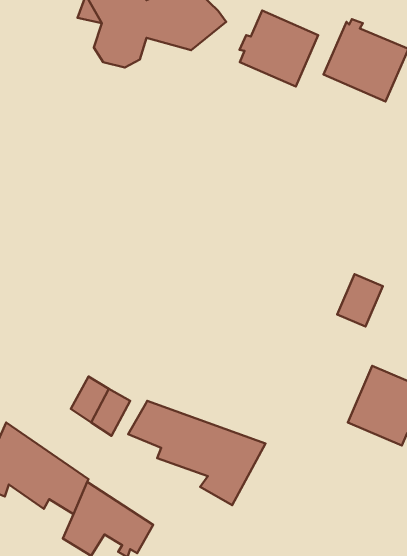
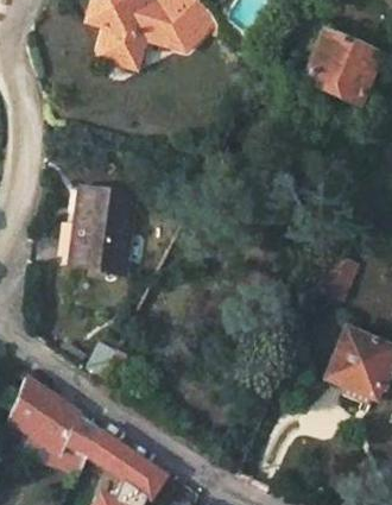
building: [240,11,318,87] -> none
building: none -> [70,187,137,272]
building: [128,401,265,505] -> none

